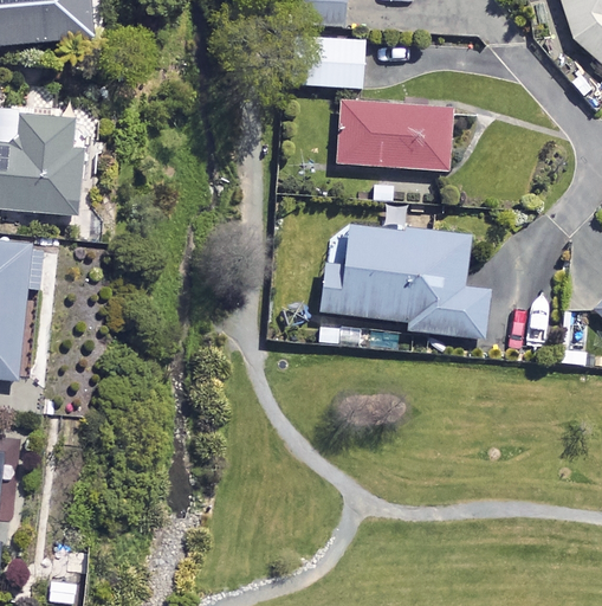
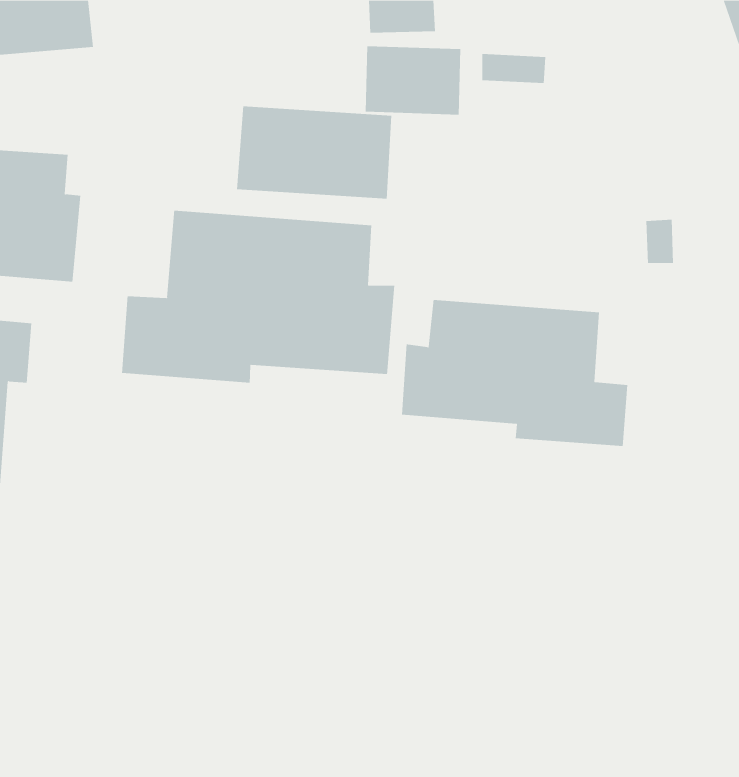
building: [335,99,452,169] -> [236,106,392,199]
building: none -> [121,210,395,384]

